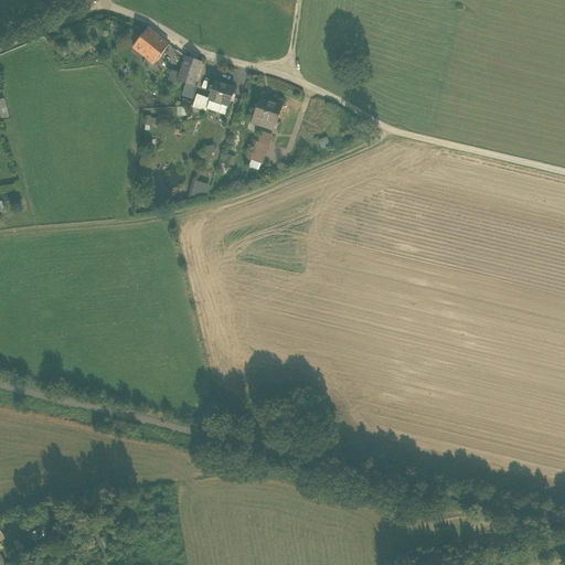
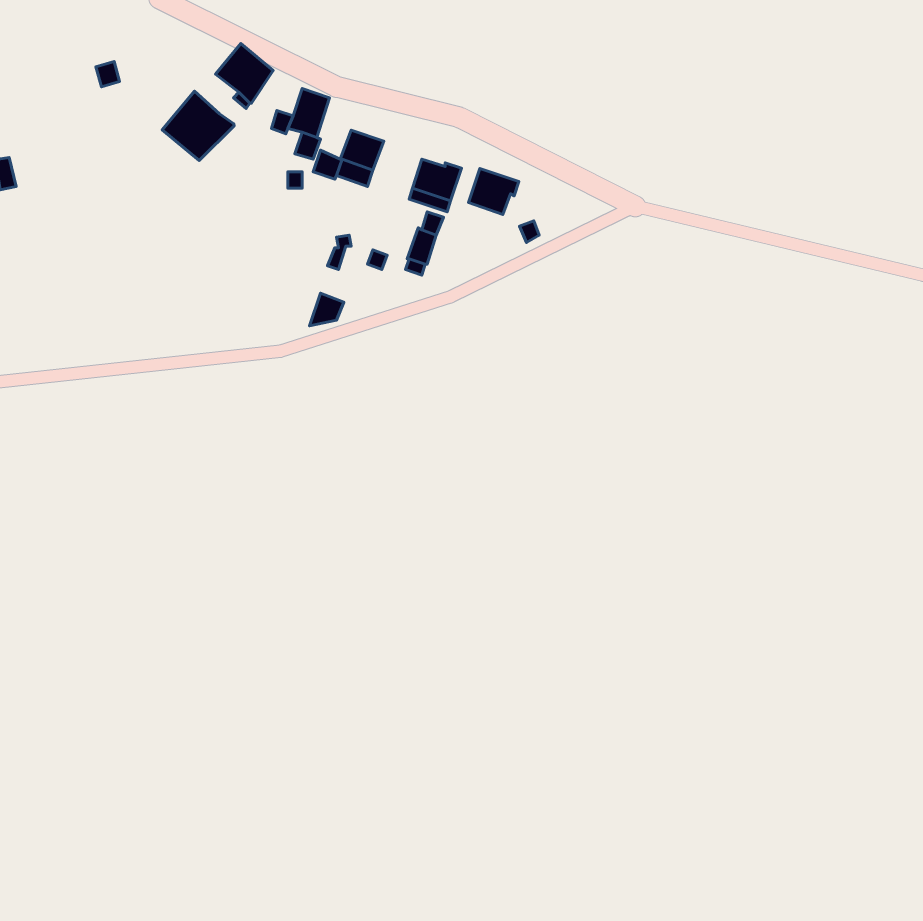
building: none -> [162,91,234,161]
building: none -> [469,168,519,214]

